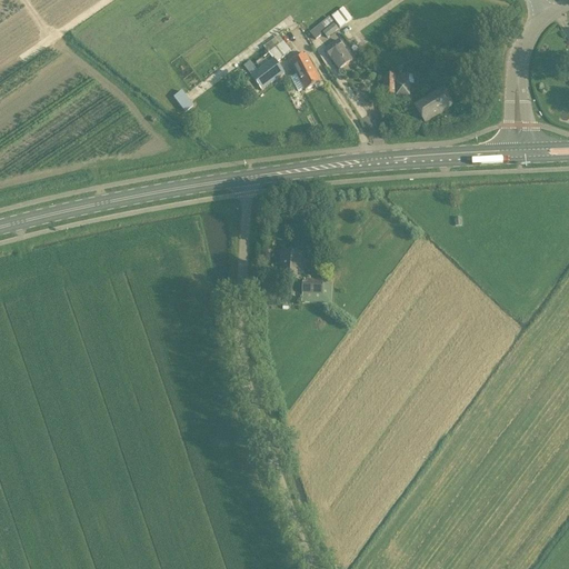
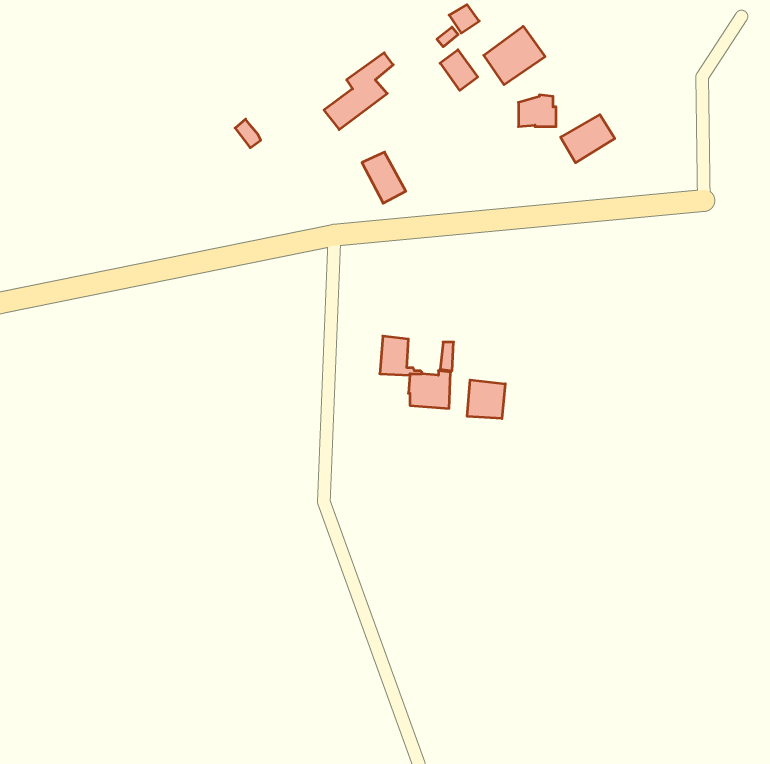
building: none -> [484,26,545,85]
building: [289,50,321,88] -> [362,152,406,203]
building: none -> [467,380,505,419]

